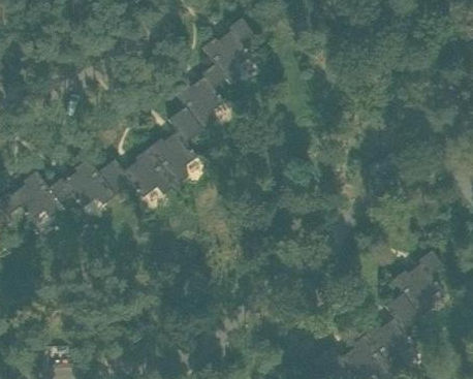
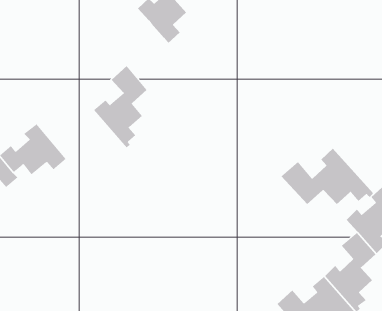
building: [177,65,225,131] -> none
building: [99,147,178,197] -> none
building: none -> [280,148,374,205]

